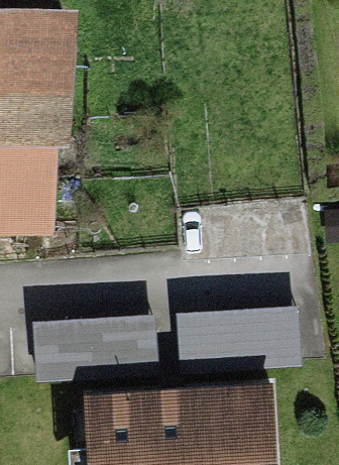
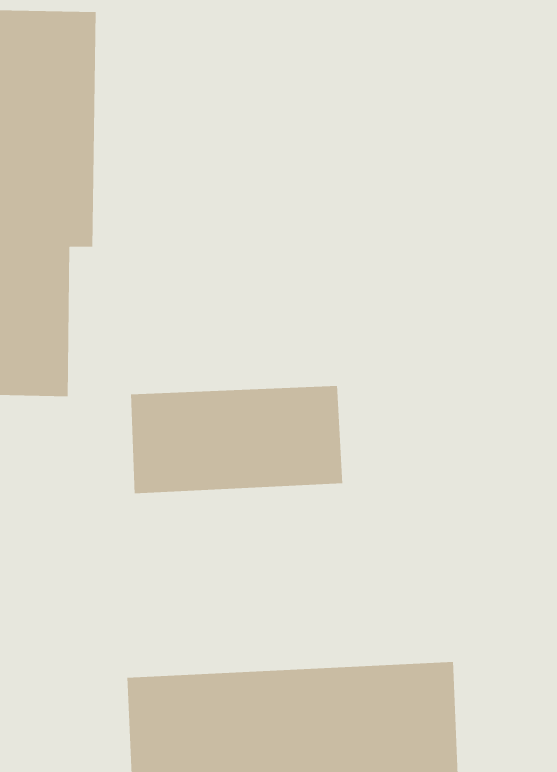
building: [174,311,300,374] -> none
building: [41,317,163,379] -> [130,385,343,494]

